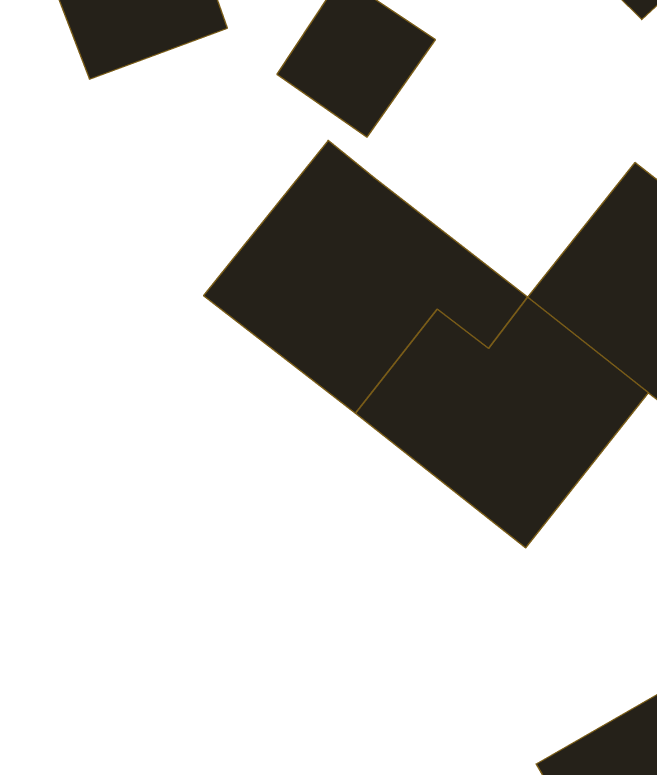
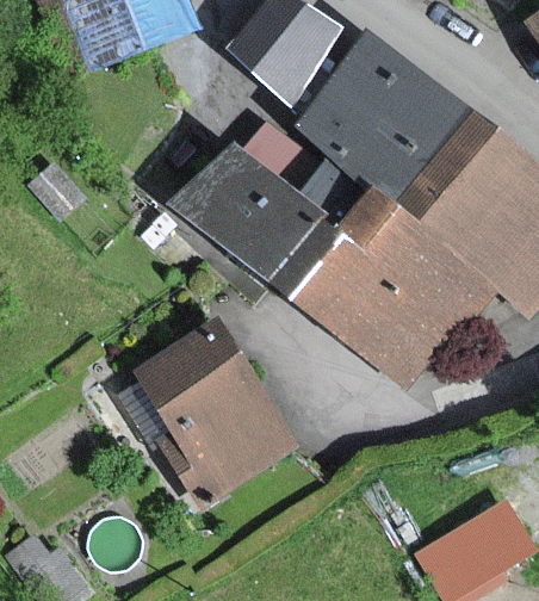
building: none -> [296,35,478,213]
building: none -> [137,323,302,504]

